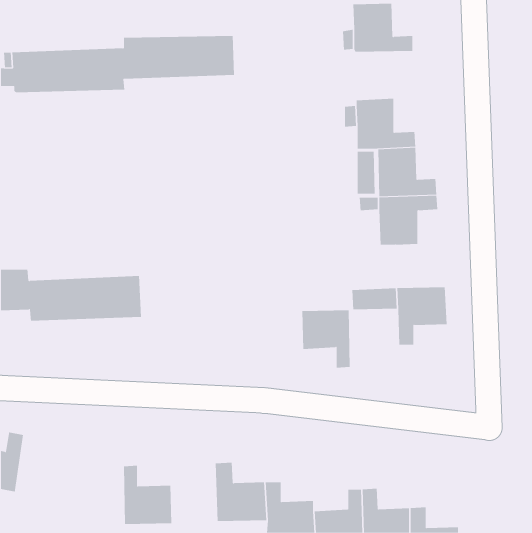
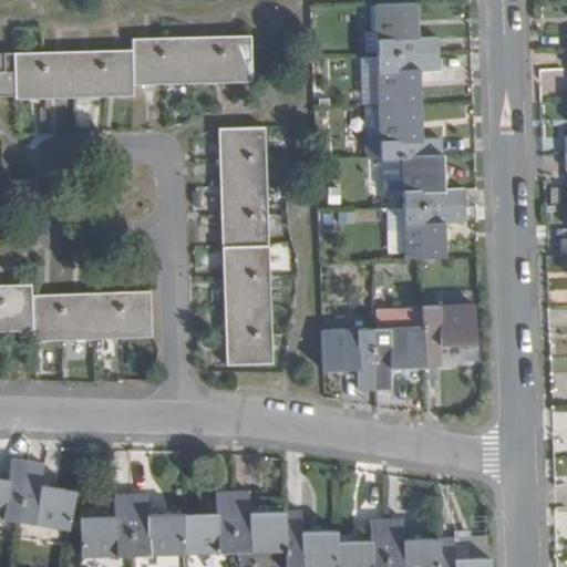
building: none -> [365,54,441,106]
building: none -> [219,127,272,367]
building: none -> [372,328,424,390]
building: none -> [18,462,74,530]
building: none -> [183,492,231,556]
building: none -> [79,495,133,559]

